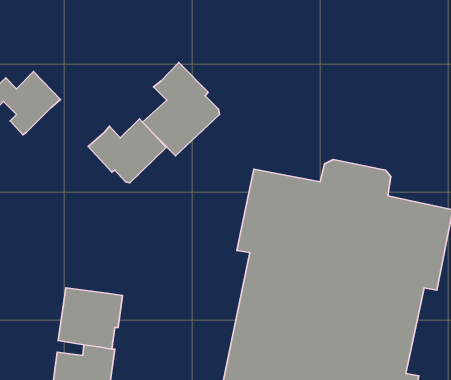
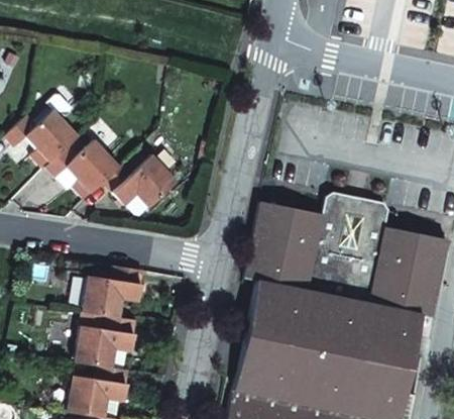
building: [143,62,220,156] -> none
building: none -> [46,140,120,198]
building: none -> [84,267,144,318]

